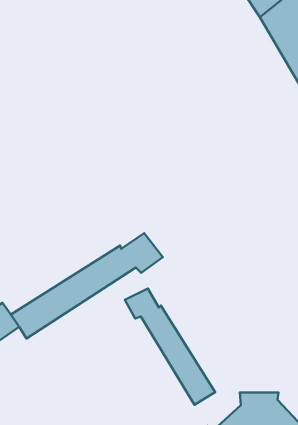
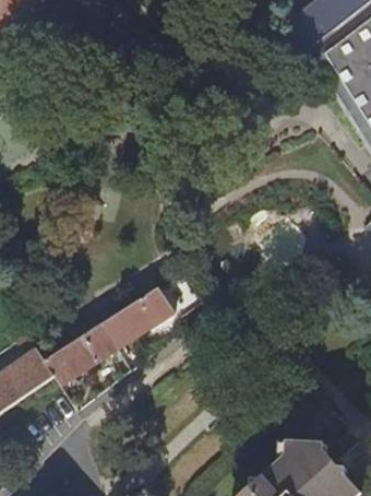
building: [125,288,215,405] -> none

